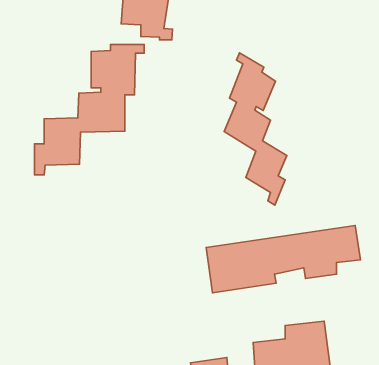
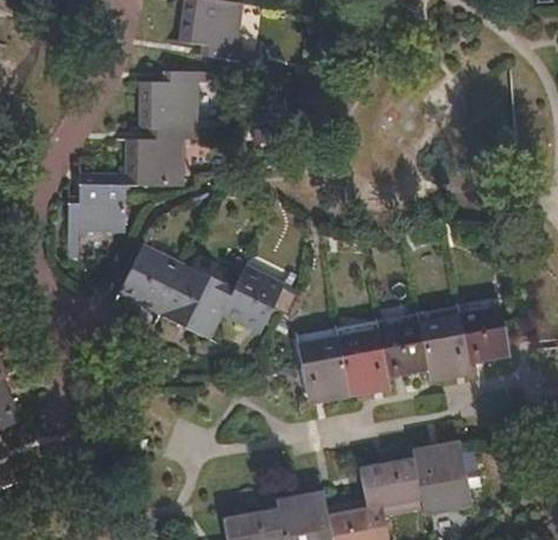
building: [224,53,287,205] -> none
building: none -> [115,241,296,341]

